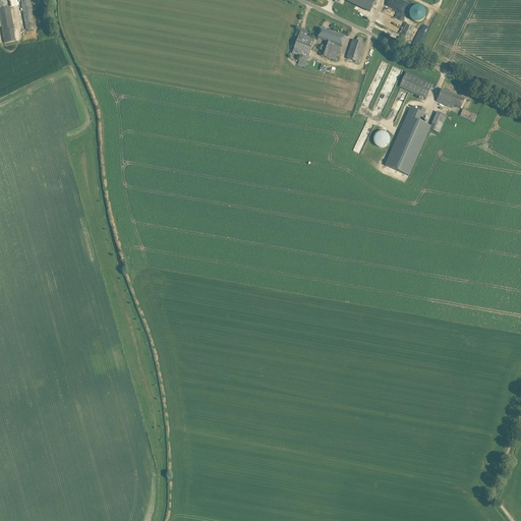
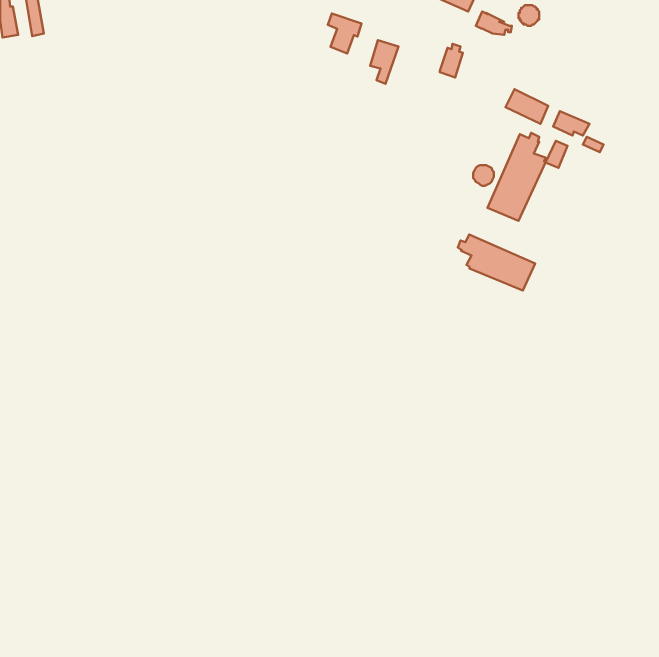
building: [317,26,344,58] -> [328,13,362,53]
building: none -> [458,234,535,290]

